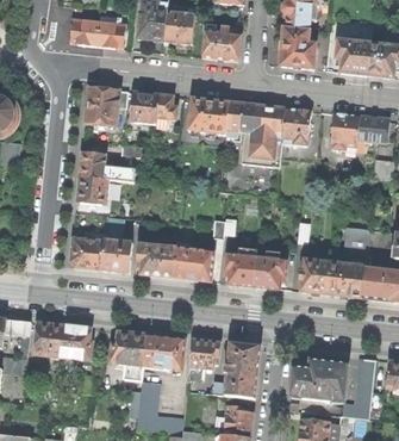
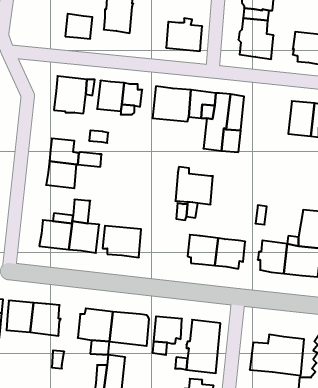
building: [164,12,194,44] -> none
building: [70,19,99,45] -> none
building: [281,108,311,145] -> none
building: [174,242,213,281] -> [175,167,213,204]

